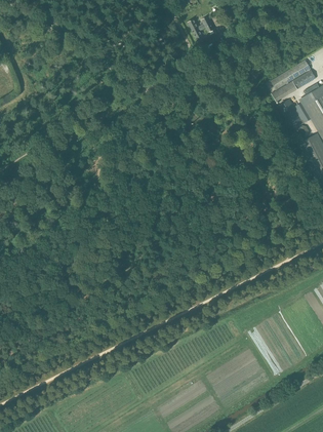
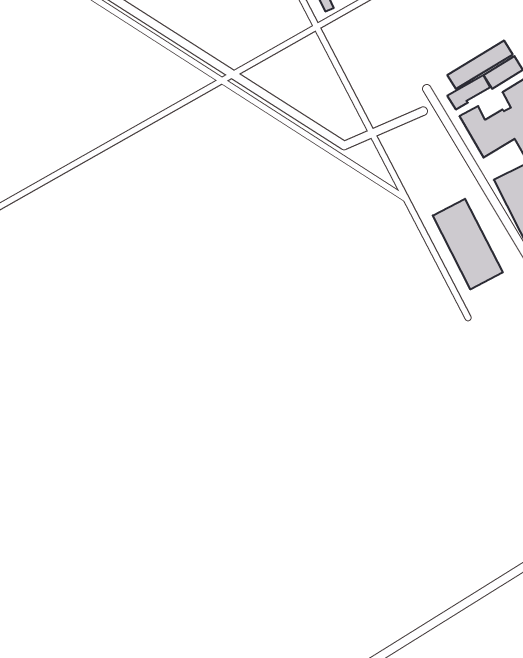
building: none -> [433,199,503,289]

